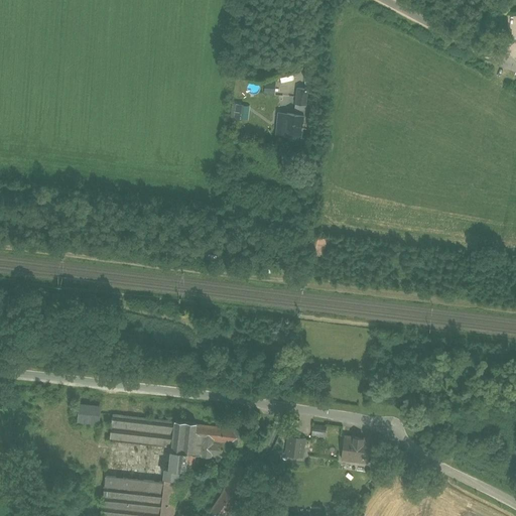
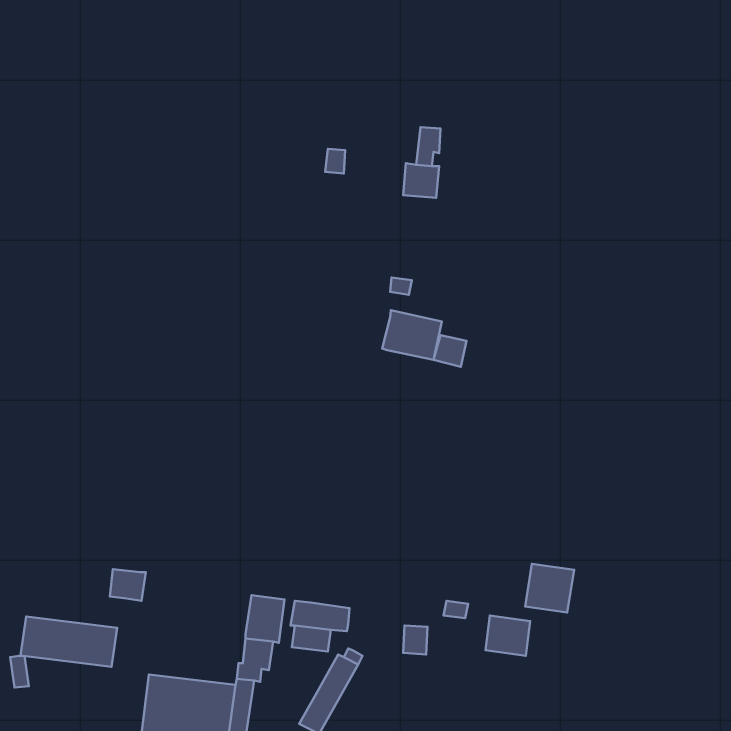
building: none -> [382,310,442,360]
building: none -> [525,564,574,613]
building: [108,412,175,447] -> [20,616,117,667]

